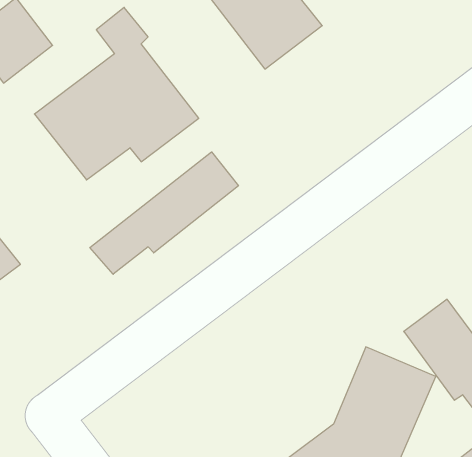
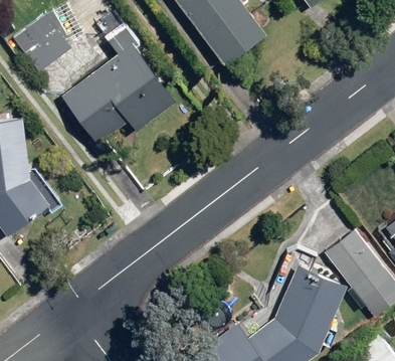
building: [90,152,238,274] -> none

